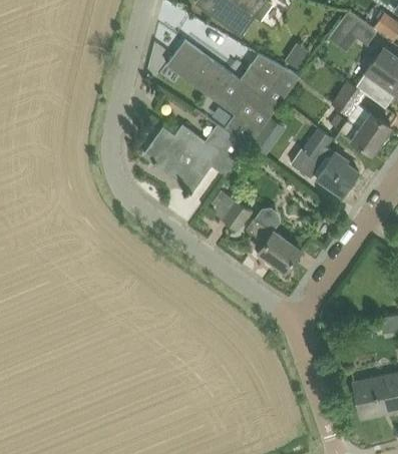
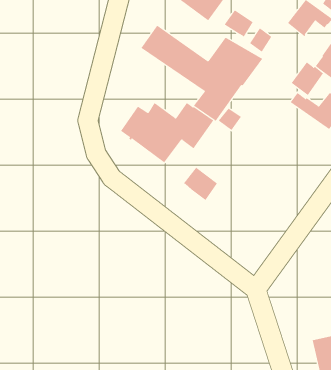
building: none -> [224,10,254,37]
building: [292,128,359,195] -> none
building: [246,207,301,273] -> none

